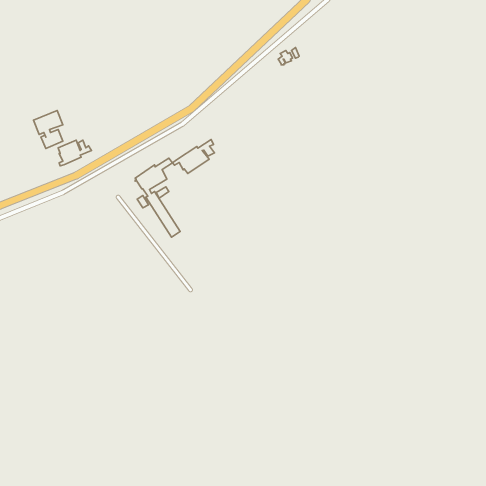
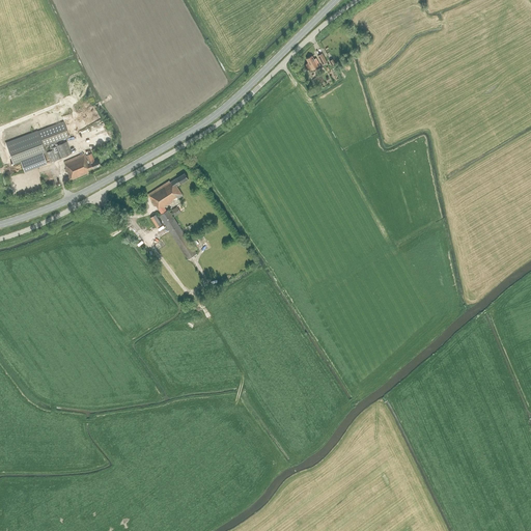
building: none -> [4,130,46,171]
building: [172,139,214,173] -> none

